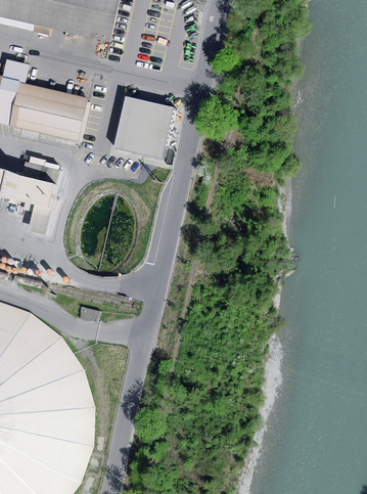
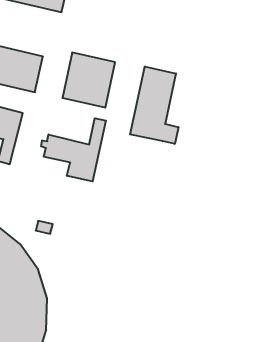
building: none -> [130,66,178,144]
building: none -> [41,118,106,181]

